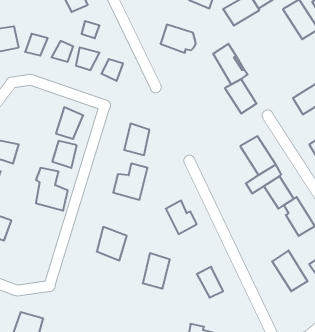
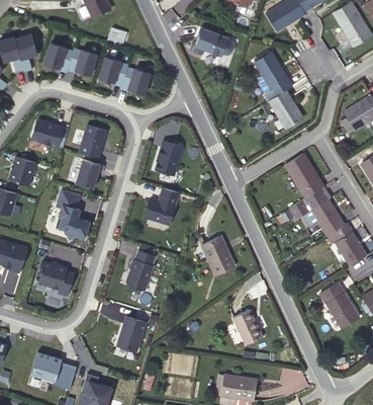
building: none -> [28,119,66,146]
building: none -> [36,264,75,300]
building: [143,253,170,289] -> [117,312,148,351]

